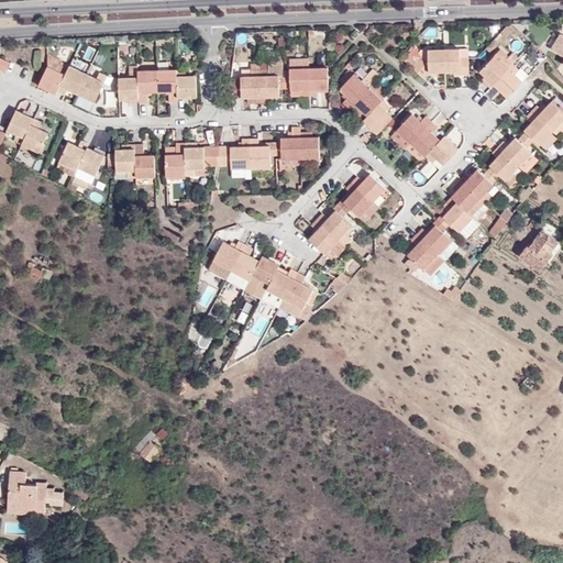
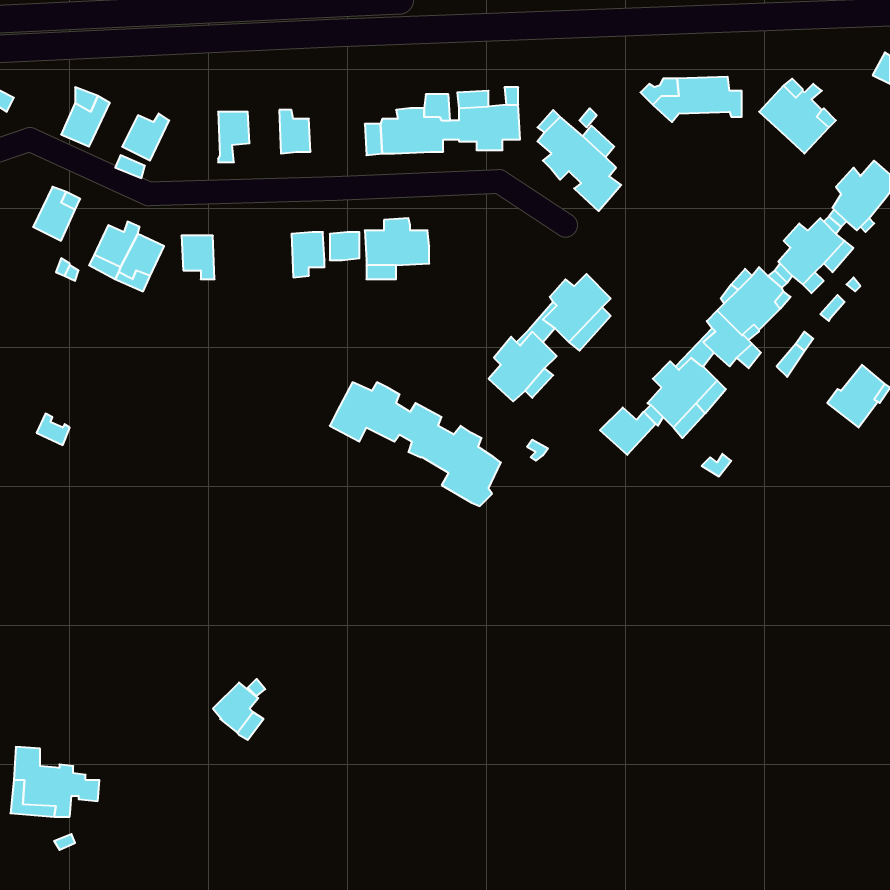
building: [57,66,87,95] -> none
building: [118,67,139,100] -> none
building: [156,70,177,102] -> none
building: [7,111,33,144] -> none
building: [390,114,457,166] -> none
building: [280,136,319,166] -> none
building: [166,143,185,176] -> none
building: [134,145,155,177] -> none
building: none -> [600,407,656,455]
building: [227,271,283,307] -> none

